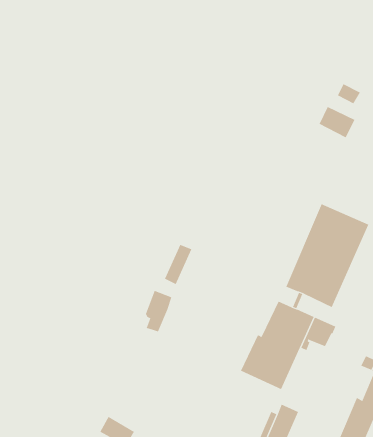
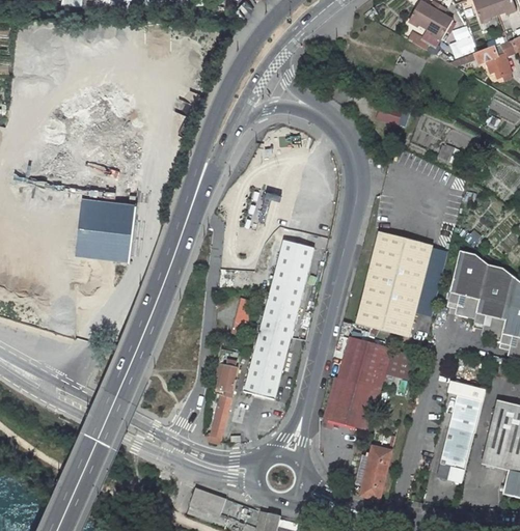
building: [319,106,355,138] -> none
building: none -> [76,196,137,260]
building: none -> [244,240,313,399]
building: none -> [206,394,231,444]

